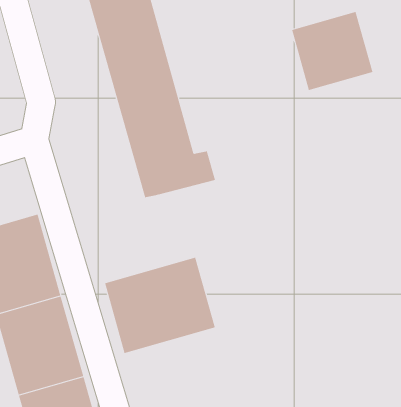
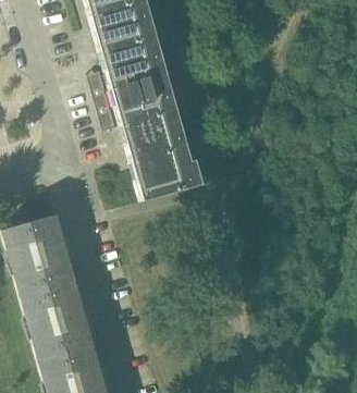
building: [292,11,373,91] -> none
building: [104,257,215,354] -> none

